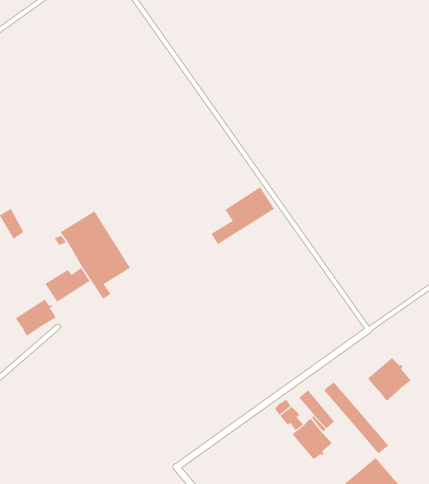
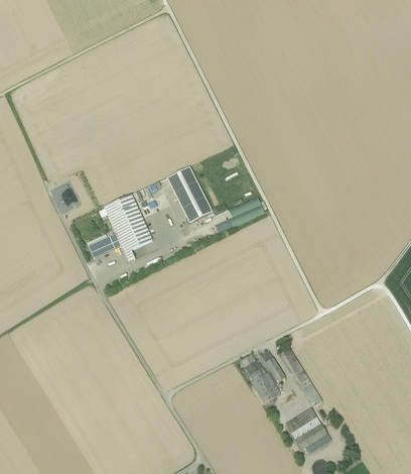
building: none -> [167,166,213,223]
building: [15,299,57,337] -> none
building: [367,357,412,401] -> none

